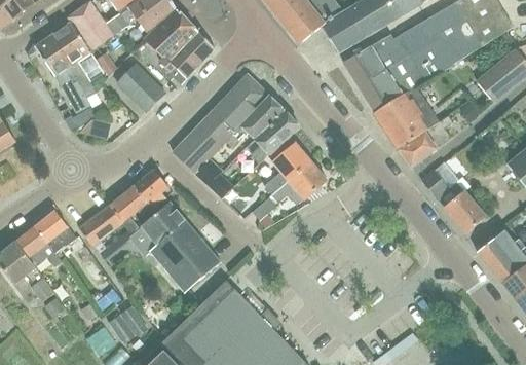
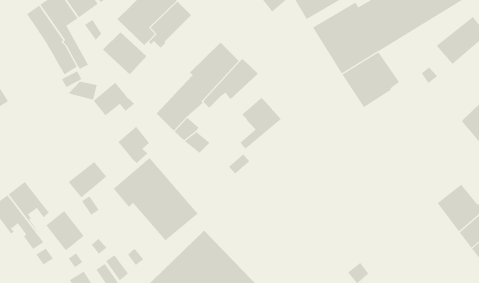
building: [252,112,299,163] -> none
building: [399,114,452,167] -> none
building: [271,160,327,205] -> none
building: [421,170,484,232] -> none
building: [109,185,154,222] -> [93,82,135,116]
building: [34,211,76,255] -> [45,210,85,251]

